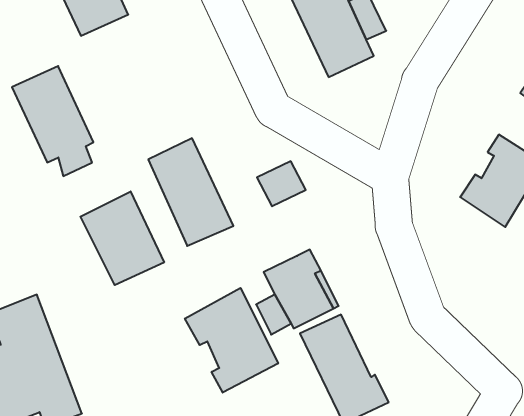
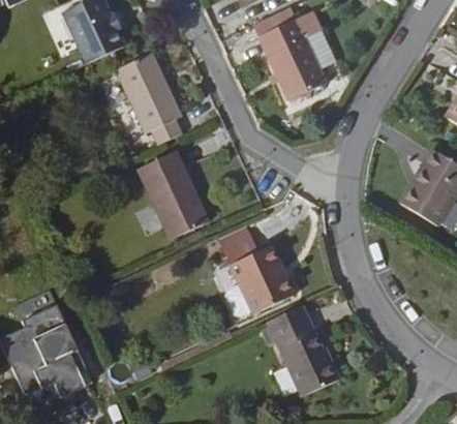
building: [12,66,93,176] -> [119,58,186,149]
building: [257,161,306,206] -> [223,226,264,264]
building: [80,191,164,285] -> none
building: [185,288,278,393] -> none

